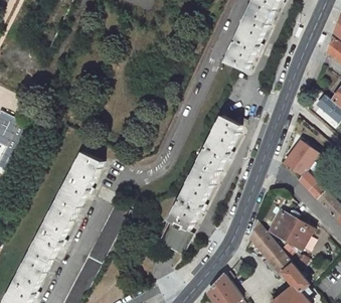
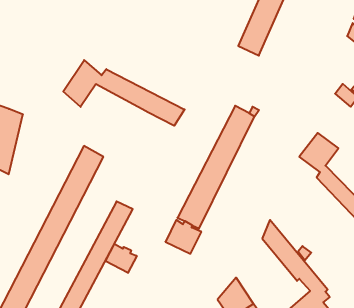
building: none -> [63,60,185,126]
building: [273,212,314,250] -> none
building: none -> [105,244,137,273]

